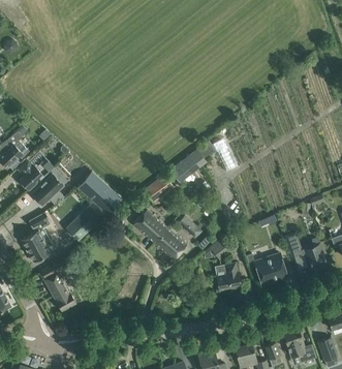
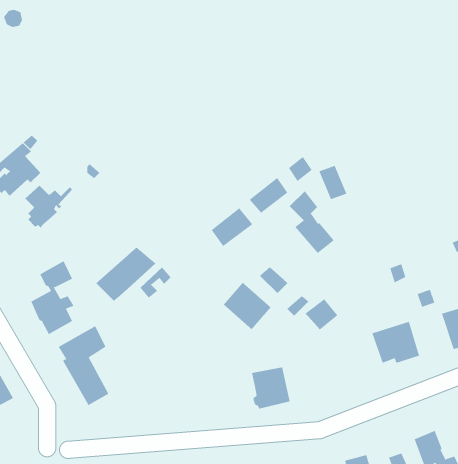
building: none -> [289,190,335,254]
building: [30,172,63,205] -> none
building: [77,172,121,215] -> none
building: [133,209,166,242] -> none
building: [214,263,241,291] -> [251,367,291,409]

